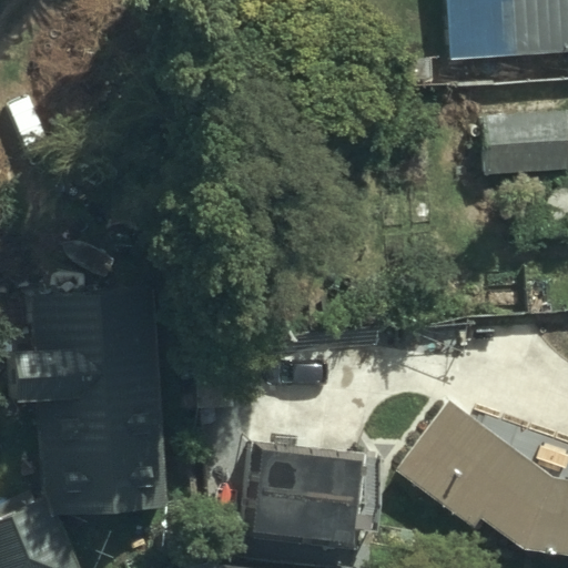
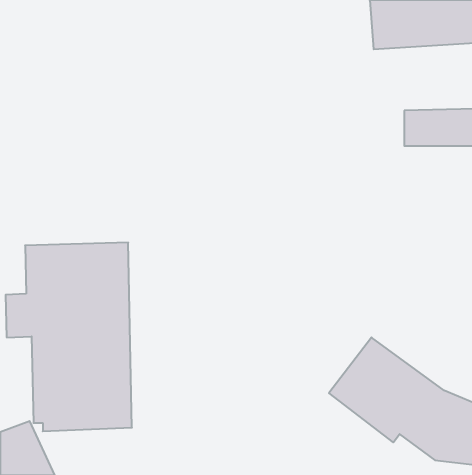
building: [251,445,357,542] -> none

